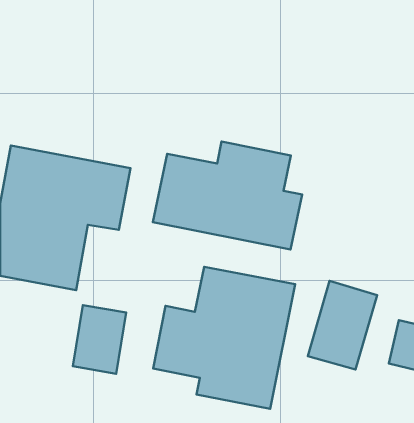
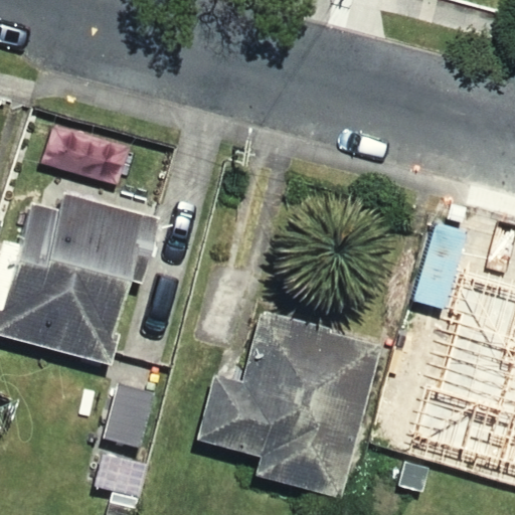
building: [153,142,302,250] -> none

